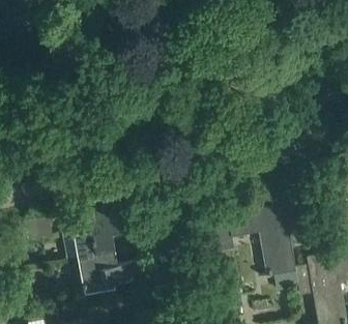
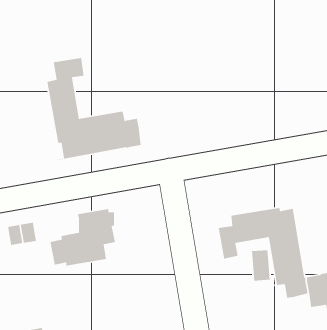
building: none -> [47,57,142,161]
building: [79,253,144,296] -> none

